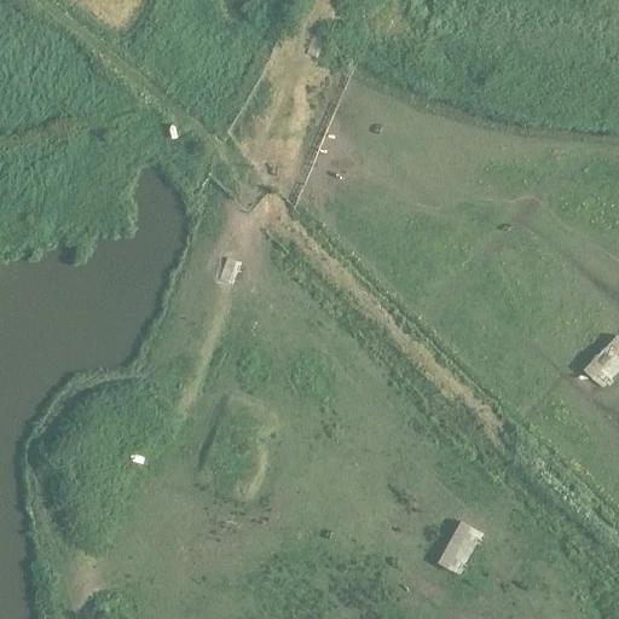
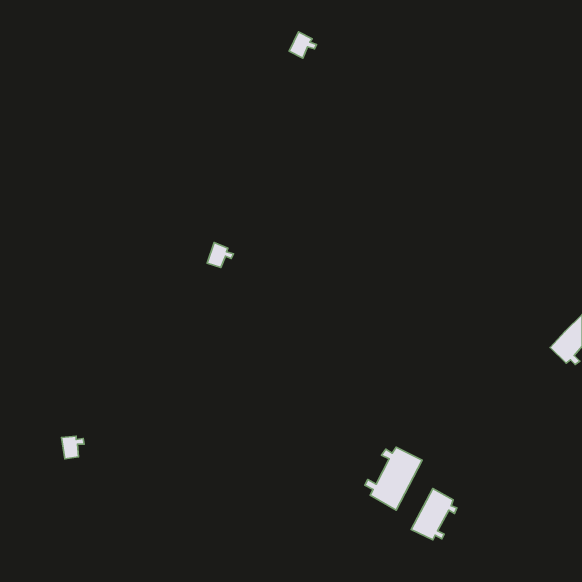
building: none -> [365,447,422,510]

